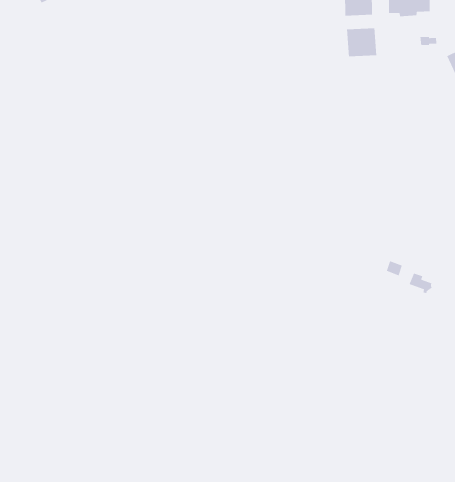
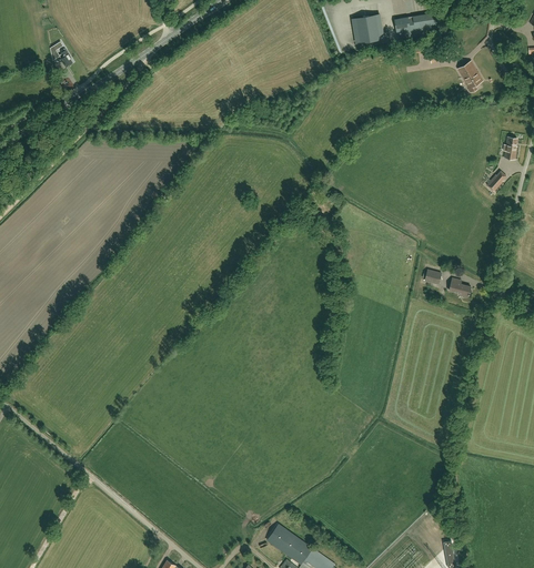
building: [346,27,377,57] -> none

